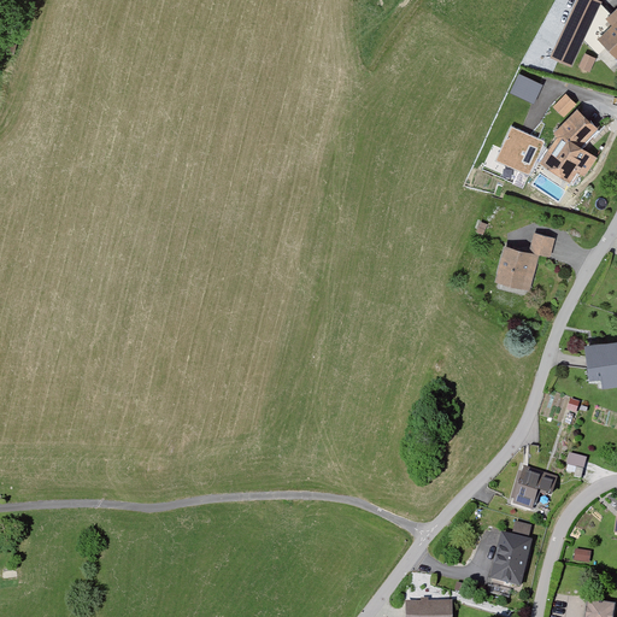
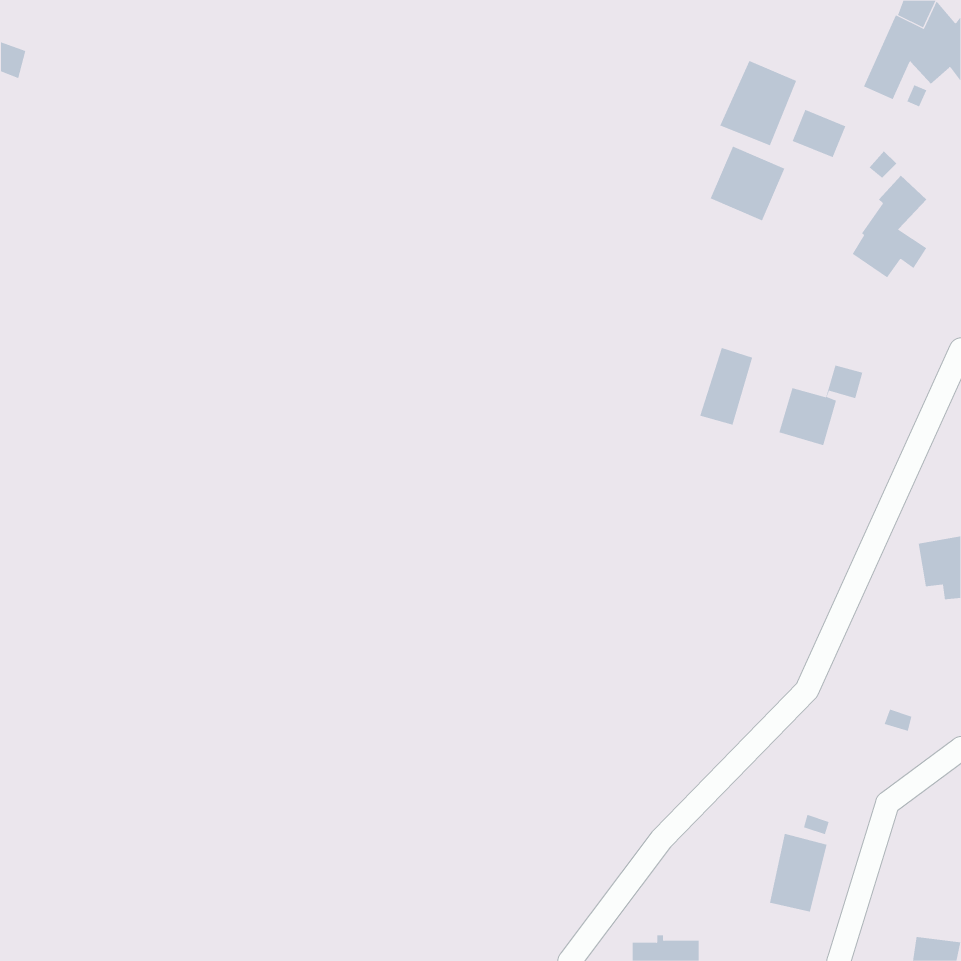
building: none -> [719,60,797,146]
building: [496,127,545,175] -> [710,146,785,221]
building: none -> [699,347,753,425]
building: [513,470,554,510] -> none

